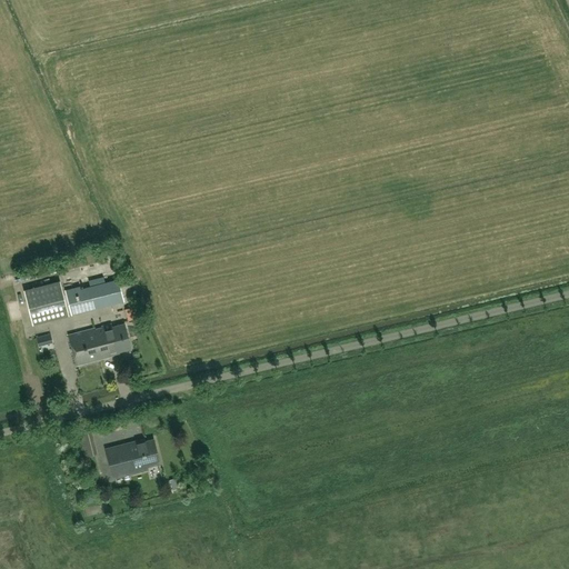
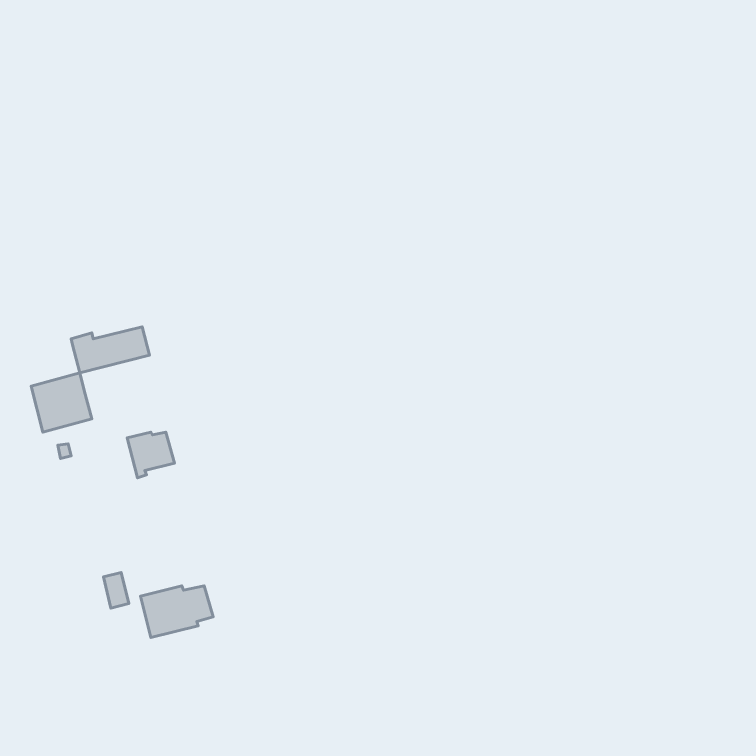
building: [64,280,123,315] -> [71,327,149,373]
building: [68,329,103,366] -> none

